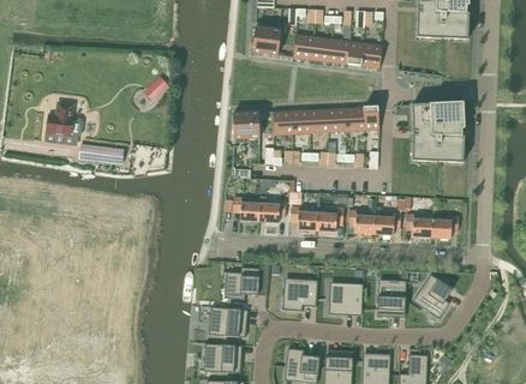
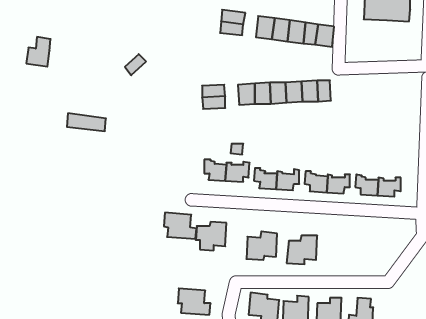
building: [411,101,465,162] -> none
building: [44,102,72,136] -> [26,37,51,67]
building: [418,274,453,318] -> none
building: [377,278,406,316] -> none
building: [209,306,246,336] -> [164,213,197,239]

